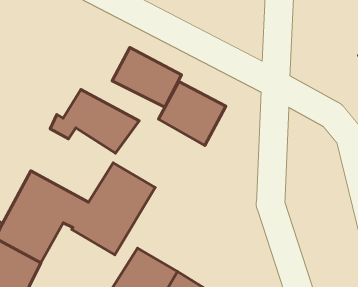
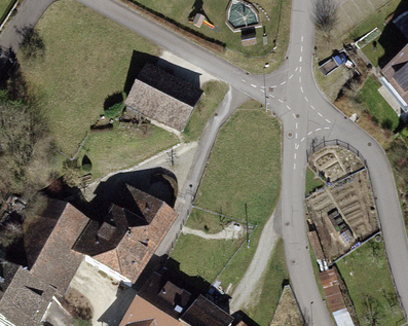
building: [158,81,226,145] -> none
building: [50,89,139,153] -> none

